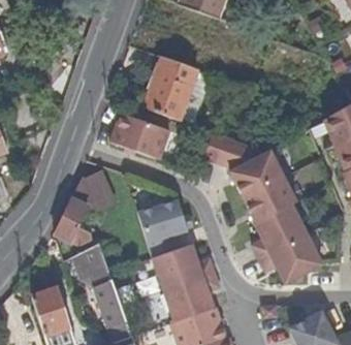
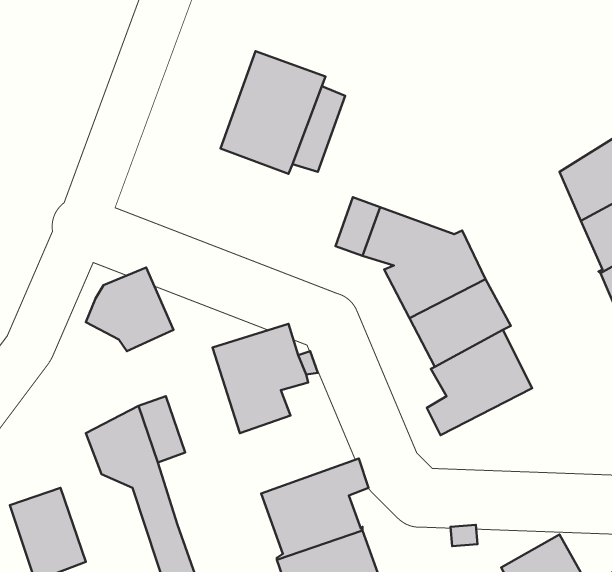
building: [109,112,169,158] -> none
building: [55,198,92,245] -> none
building: [259,233,323,282] -> none
building: [153,243,216,289] -> none

